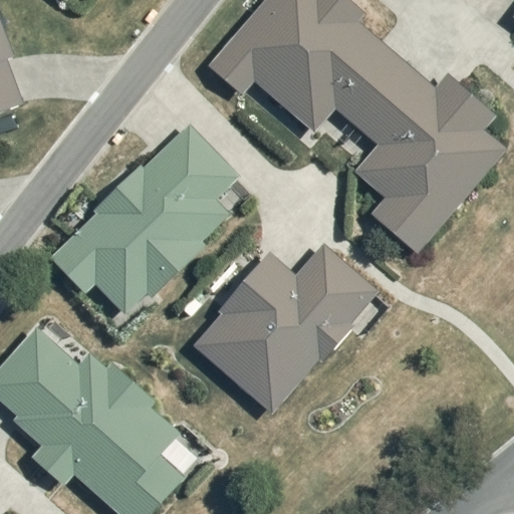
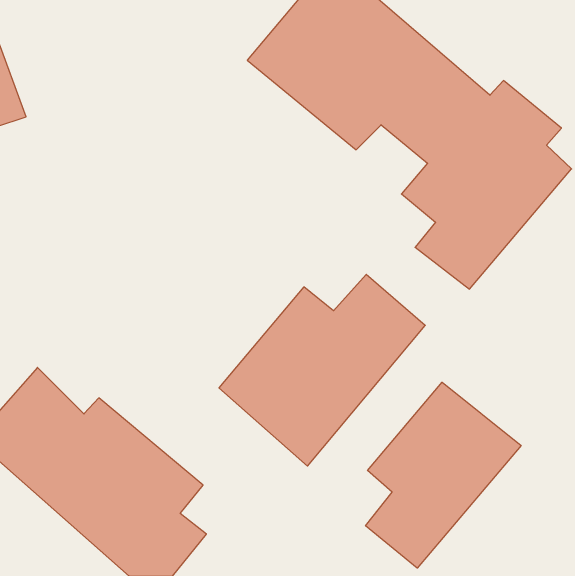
building: [48,123,238,313] -> none
building: none -> [366,382,521,568]

